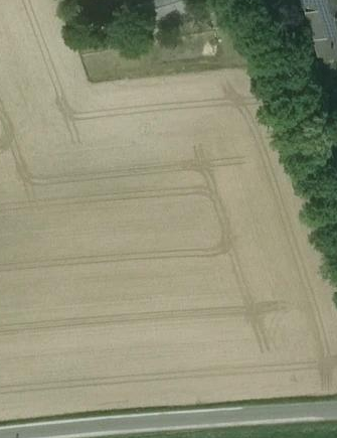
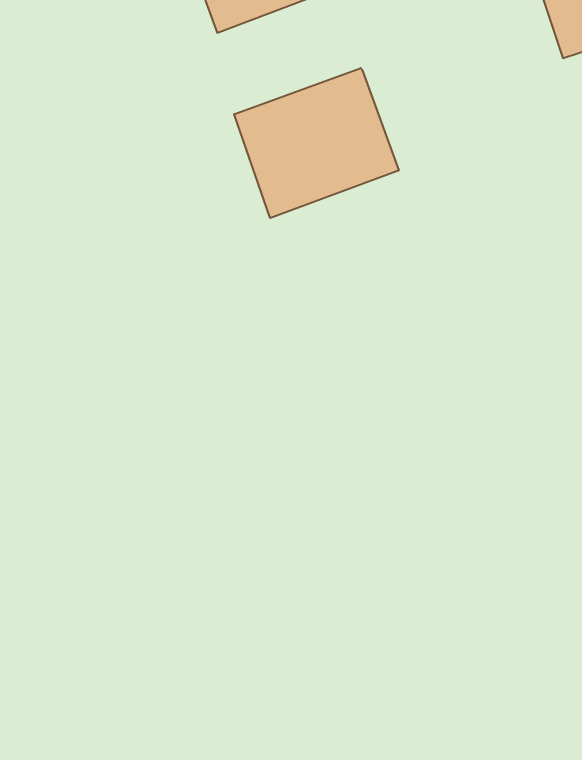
building: none -> [234,68,399,218]

